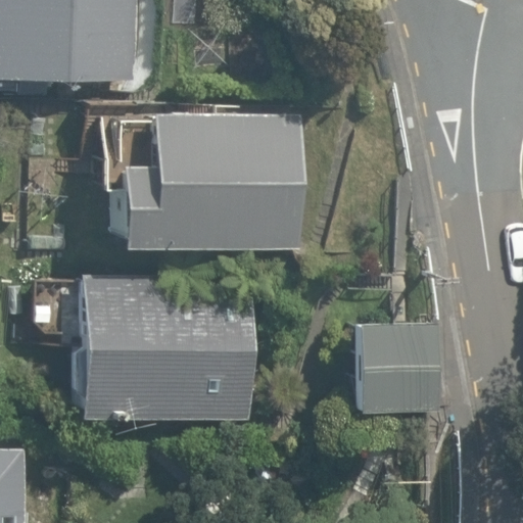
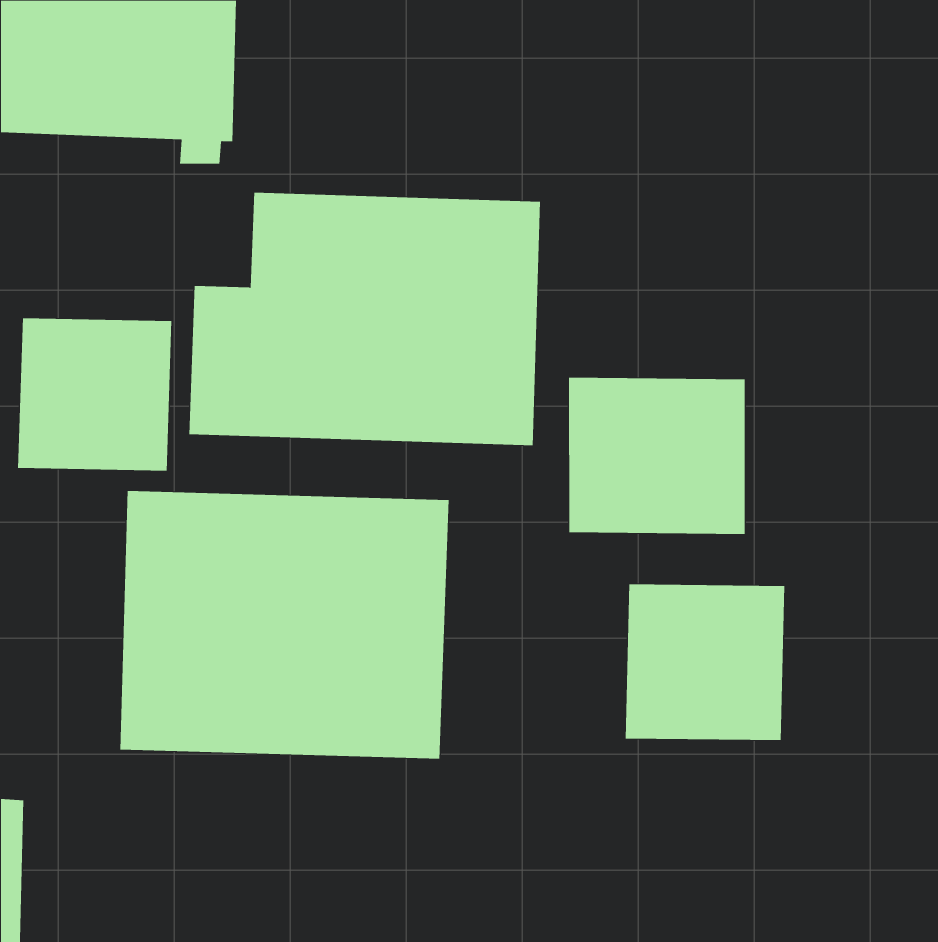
building: none -> [18,318,172,472]
building: none -> [568,377,745,535]

